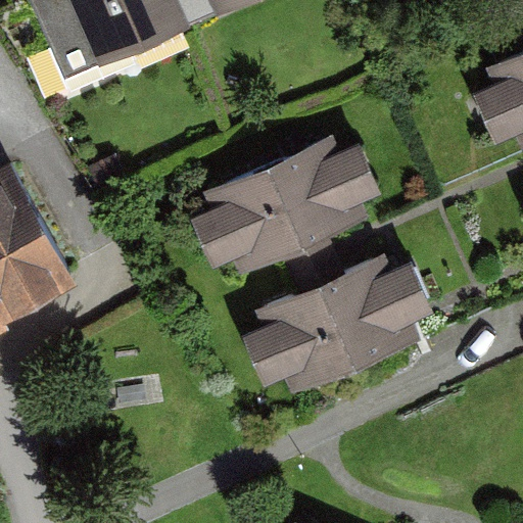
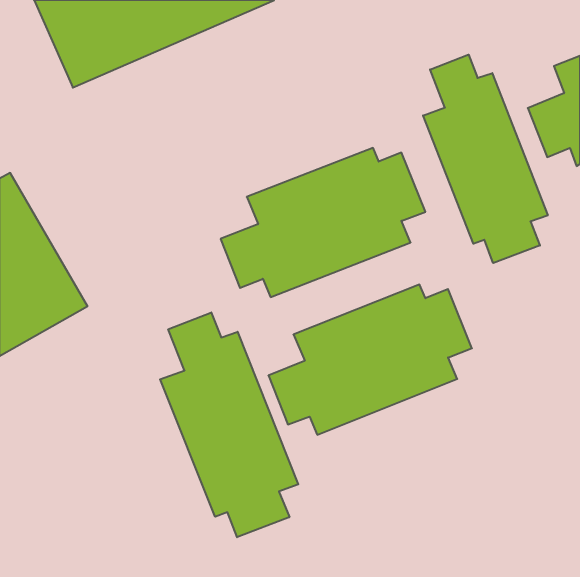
building: none -> [423,55,548,263]
building: none -> [160,312,298,537]

